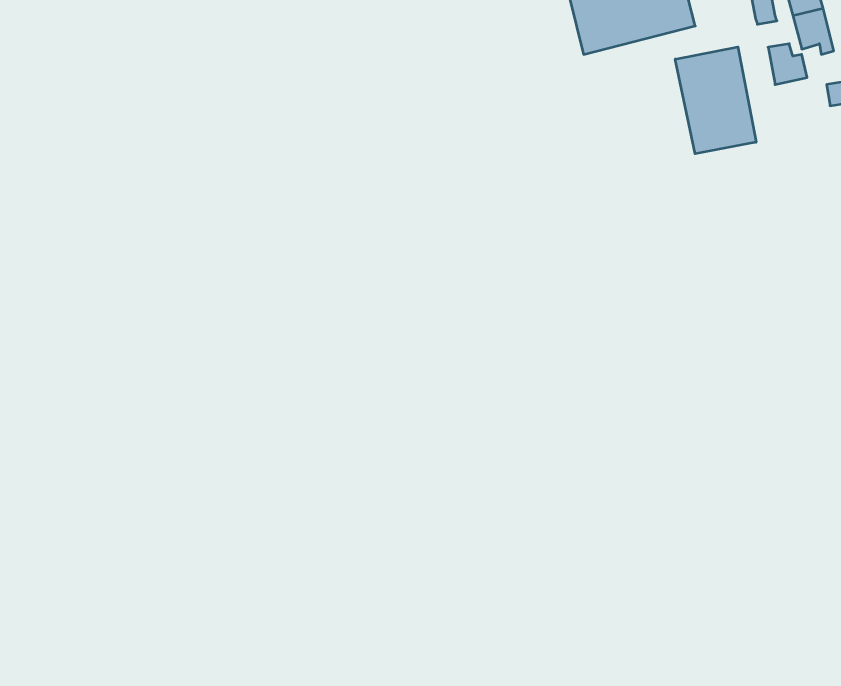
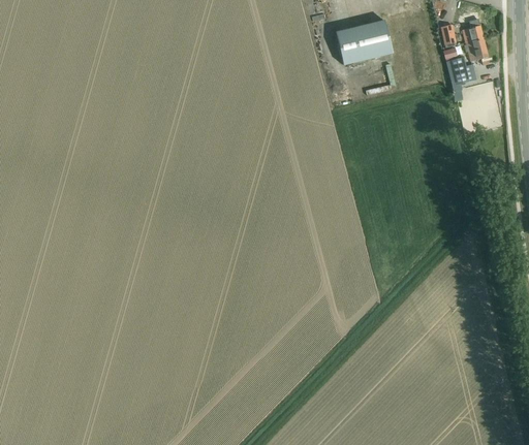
building: [675,47,756,154] -> none

